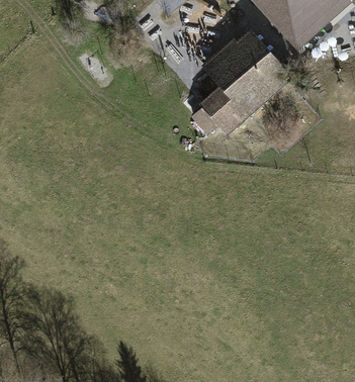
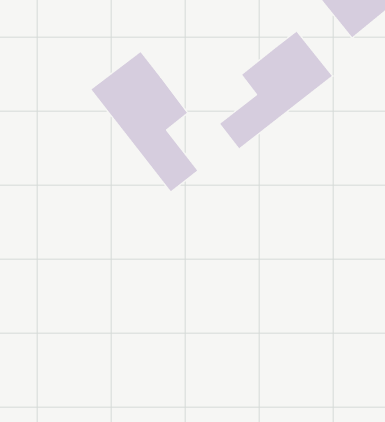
building: none -> [90,51,198,192]

